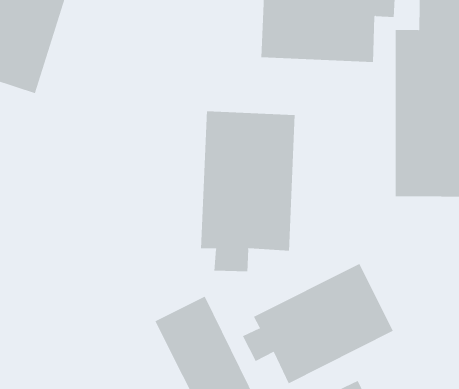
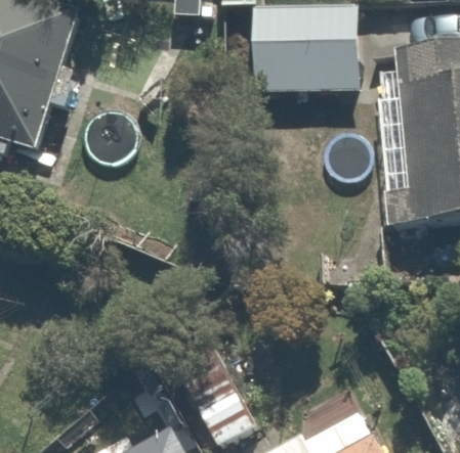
building: [200,110,295,272] -> none
building: [242,263,394,384] -> none

